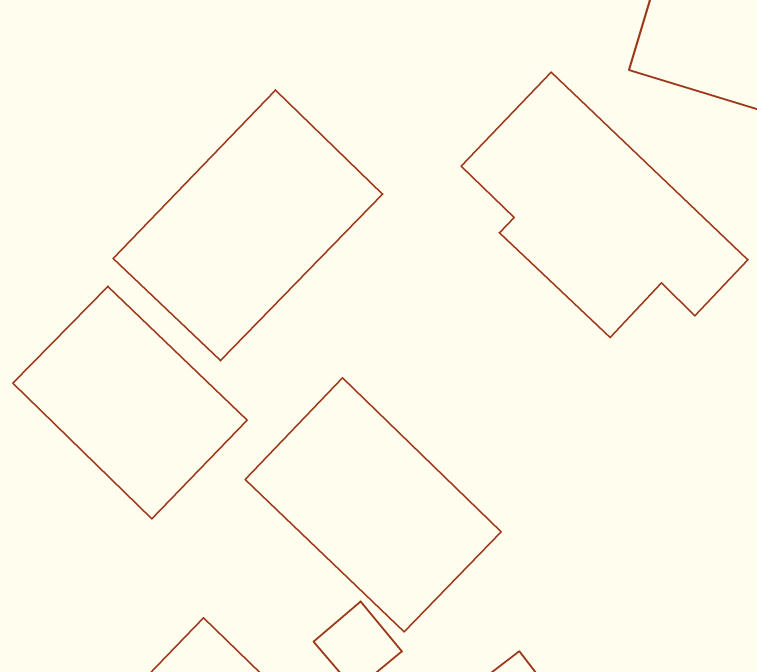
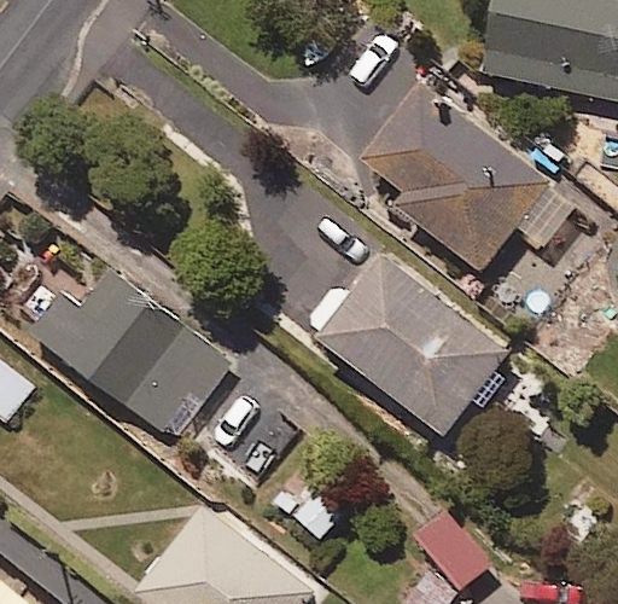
building: [113,90,383,361] -> none
building: [245,378,501,632] -> [319,254,509,435]

